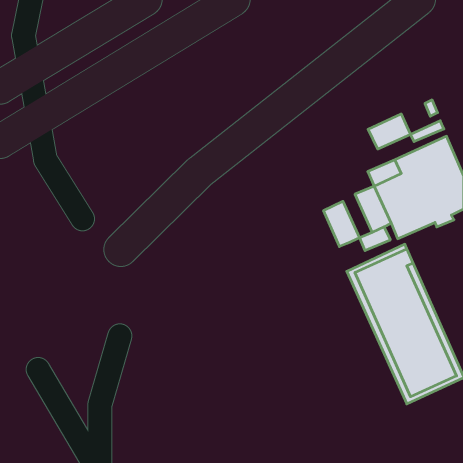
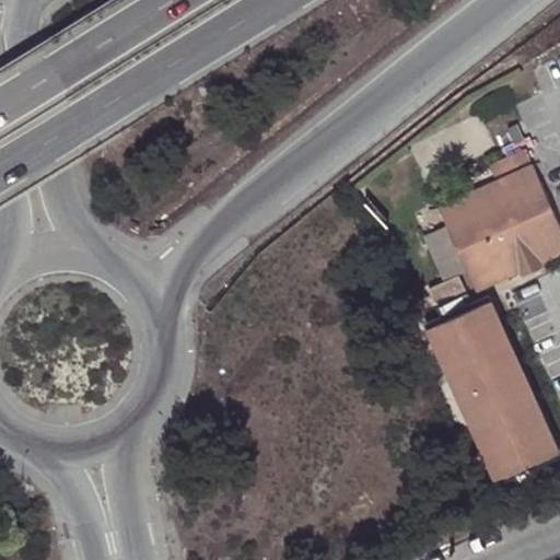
building: [368,114,410,149] -> none
building: [324,201,360,247] -> none

